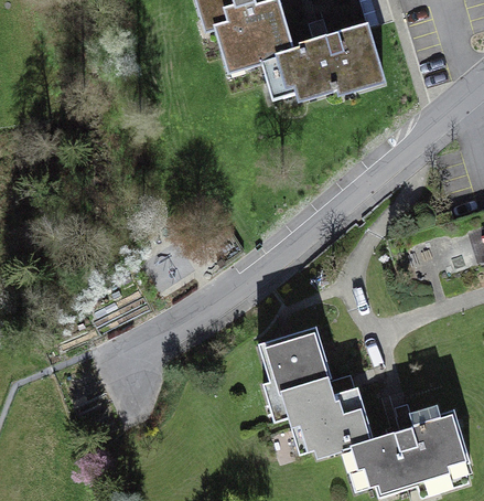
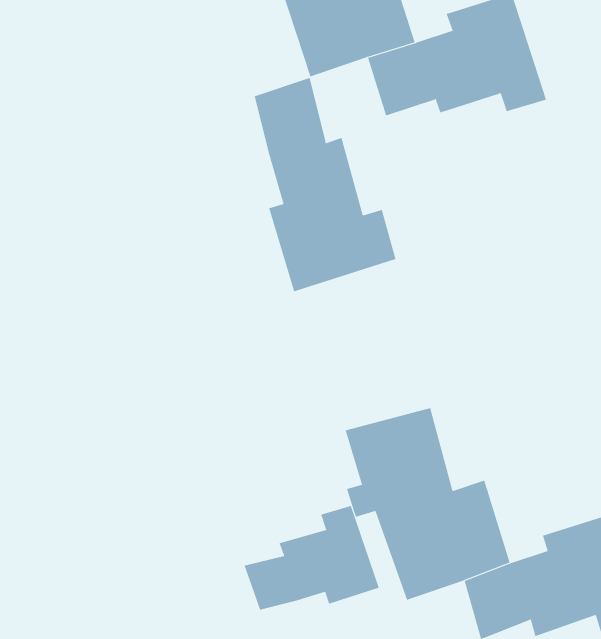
building: none -> [254,77,396,292]
building: none -> [244,505,379,610]

